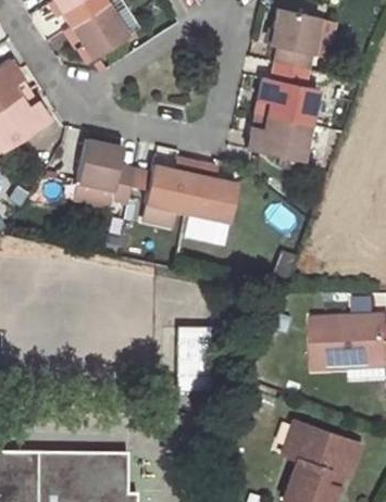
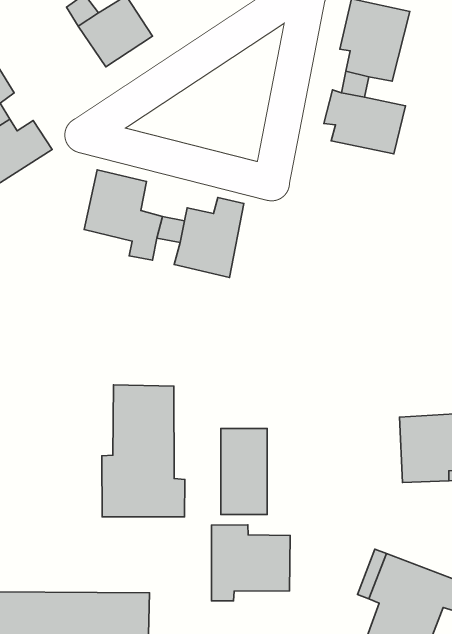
building: [247,114,309,160] -> none
building: [186,161,238,225] -> none
building: none -> [102,385,185,517]
building: none -> [211,525,290,601]

